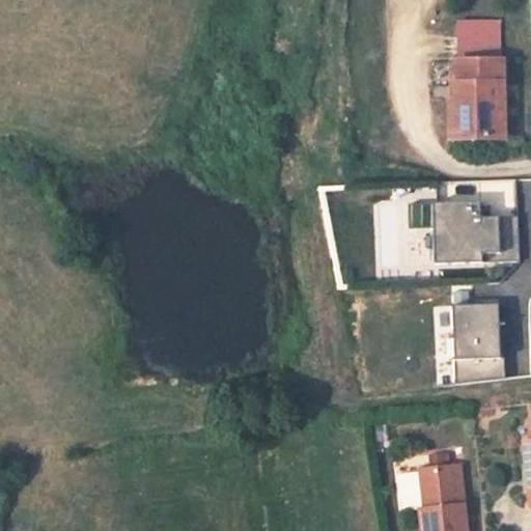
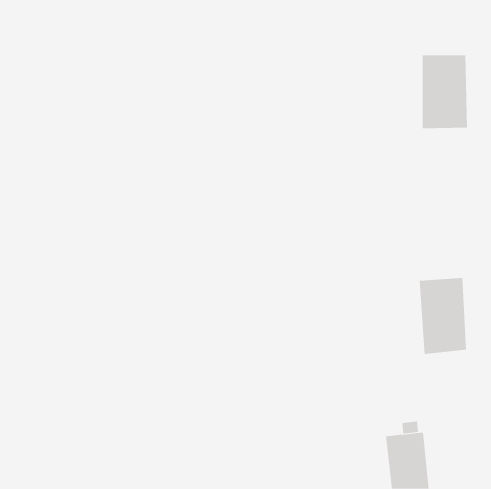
building: [457,18,501,53] -> none
building: [409,201,521,264] -> none

